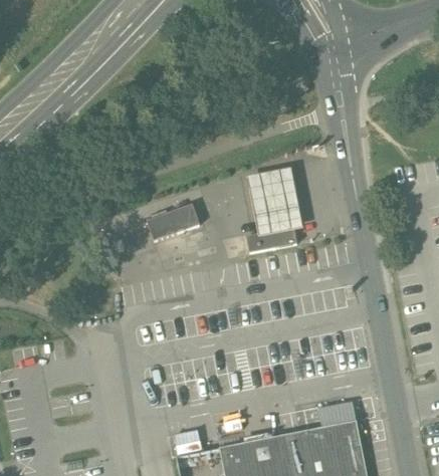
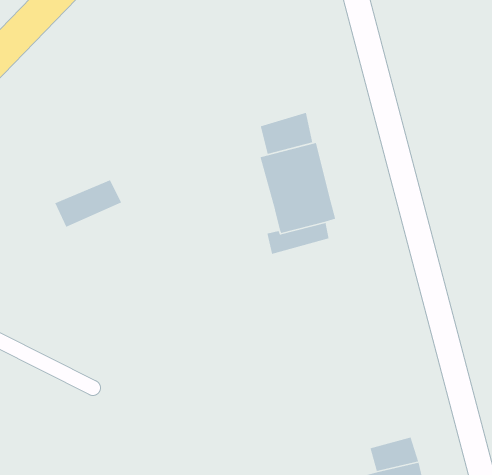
building: none -> [260,112,313,155]
building: [147,206,200,242] -> [54,179,122,228]

